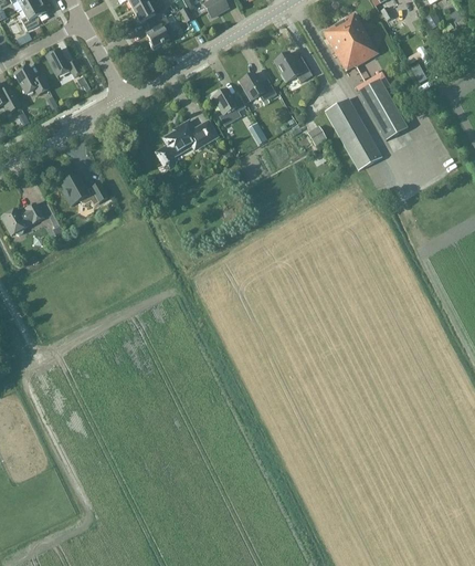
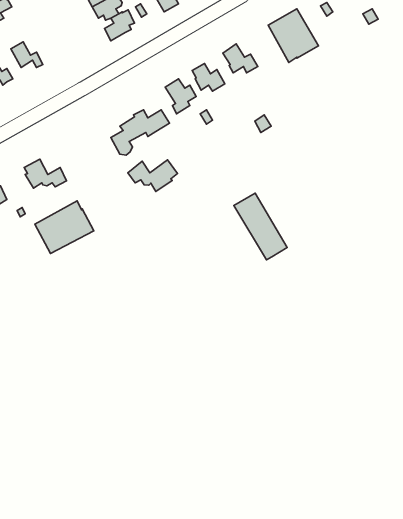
building: [358,81,407,140] -> none
building: [325,97,382,169] -> [234,193,287,260]
building: none -> [128,160,177,191]
building: none -> [35,201,94,254]

